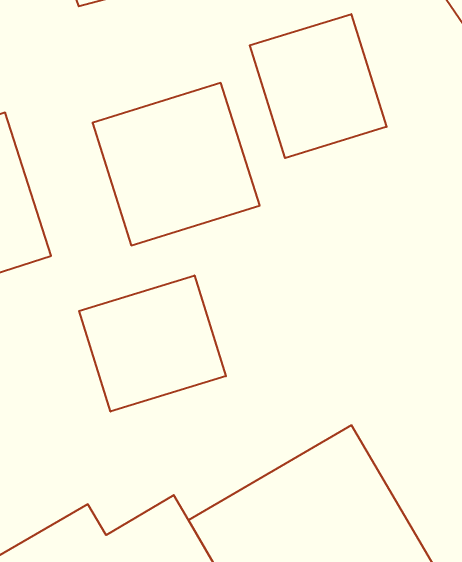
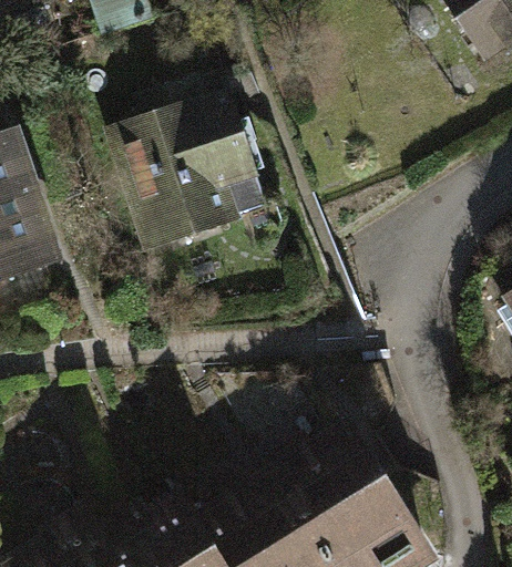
building: [250,14,387,158] -> none
building: [79,275,226,412] -> none

